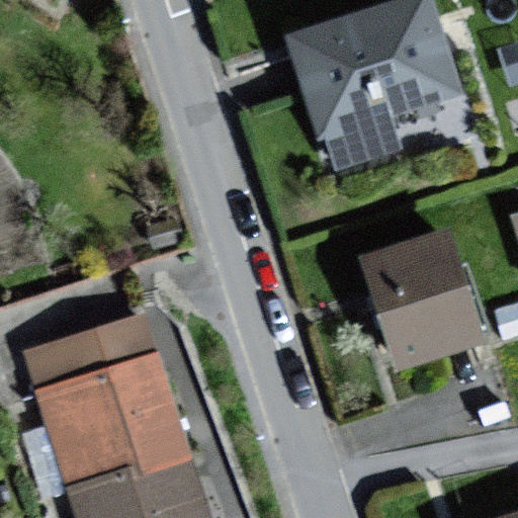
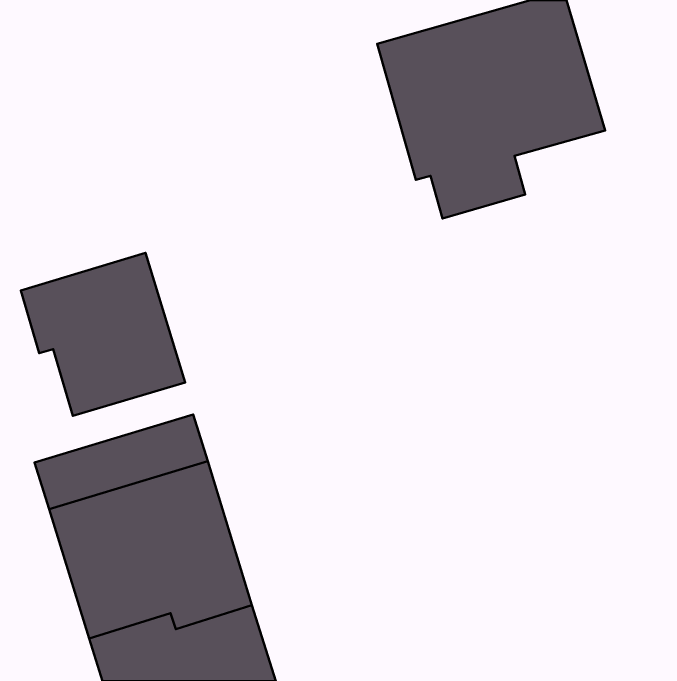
building: none -> [21,253,185,416]
building: [359,231,482,372] -> none

